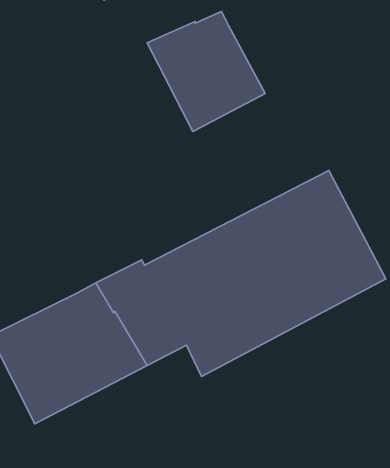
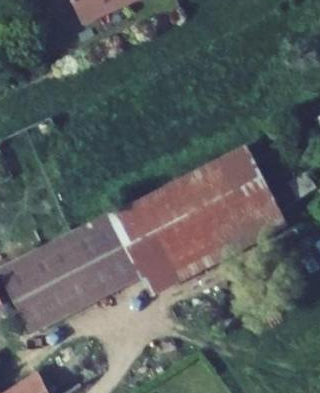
building: [147,11,265,132] -> none

